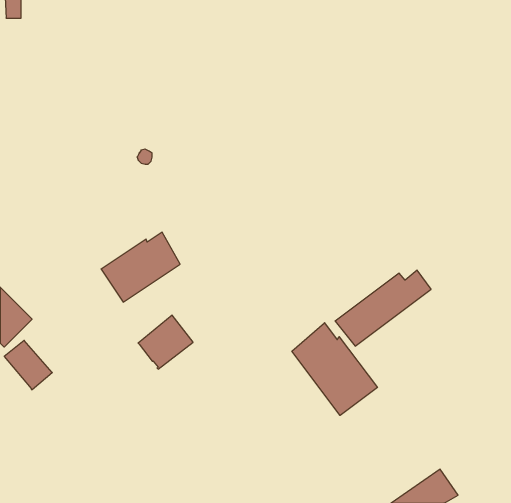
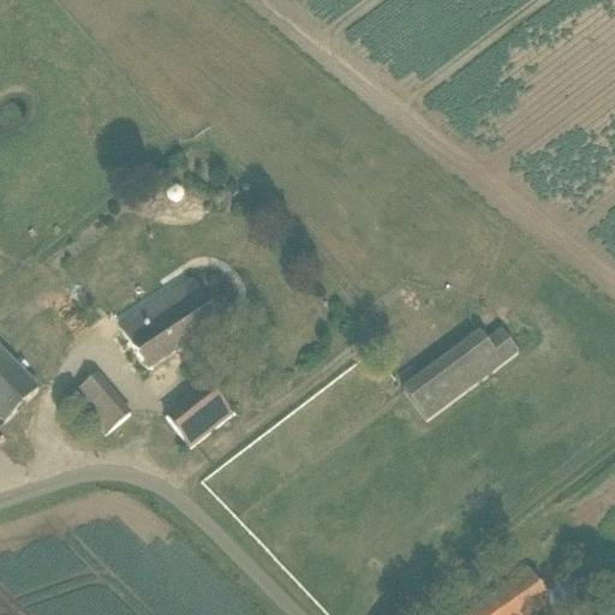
building: [292,323,377,415] -> none
building: [4,340,52,389] -> [72,370,130,429]

